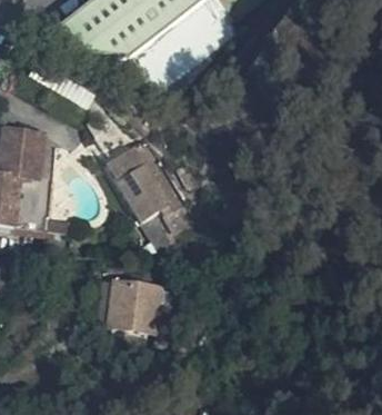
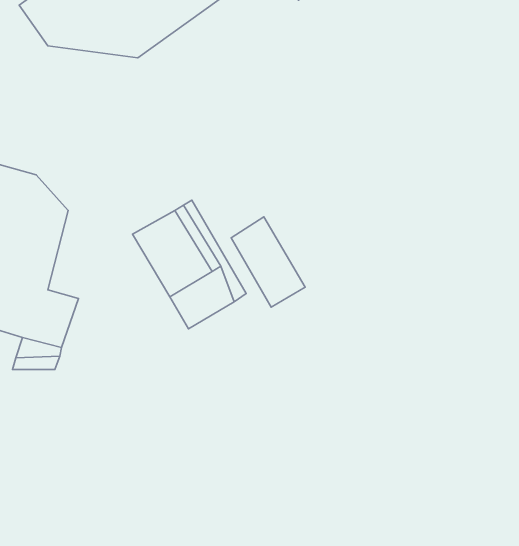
building: none -> [231,217,305,307]
building: [93,275,153,328] -> none

